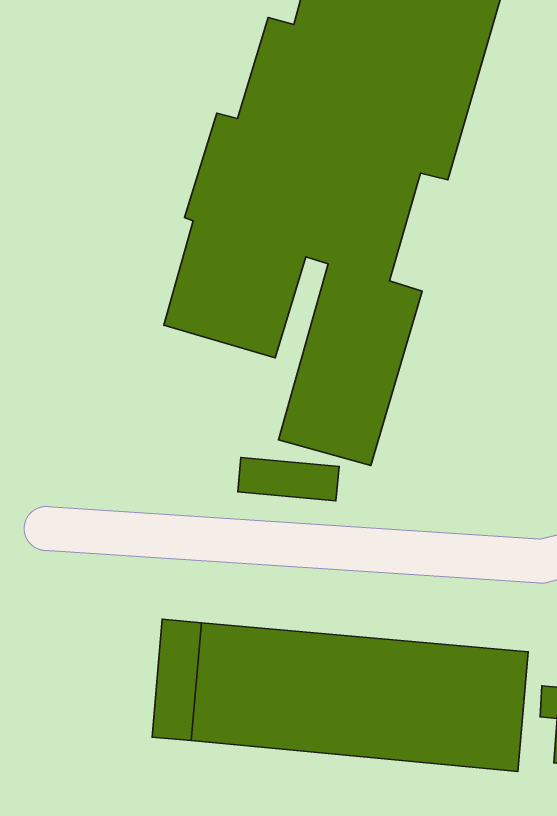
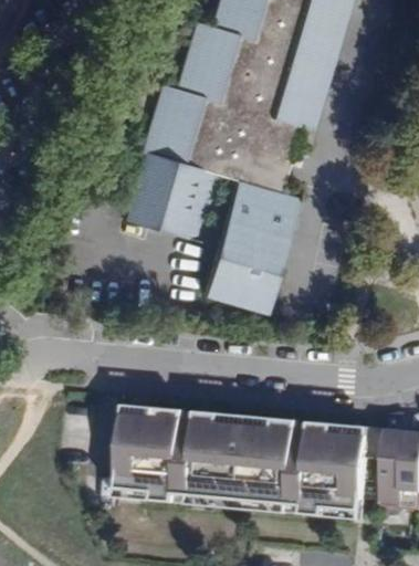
building: [238,458,339,501] -> none

